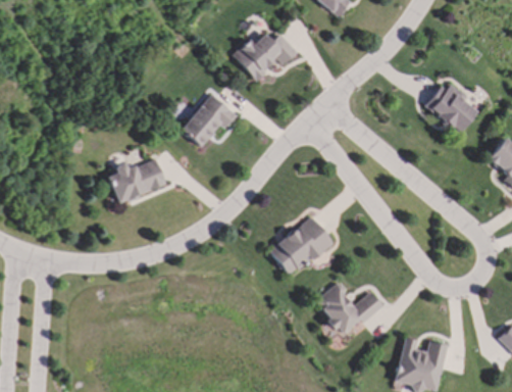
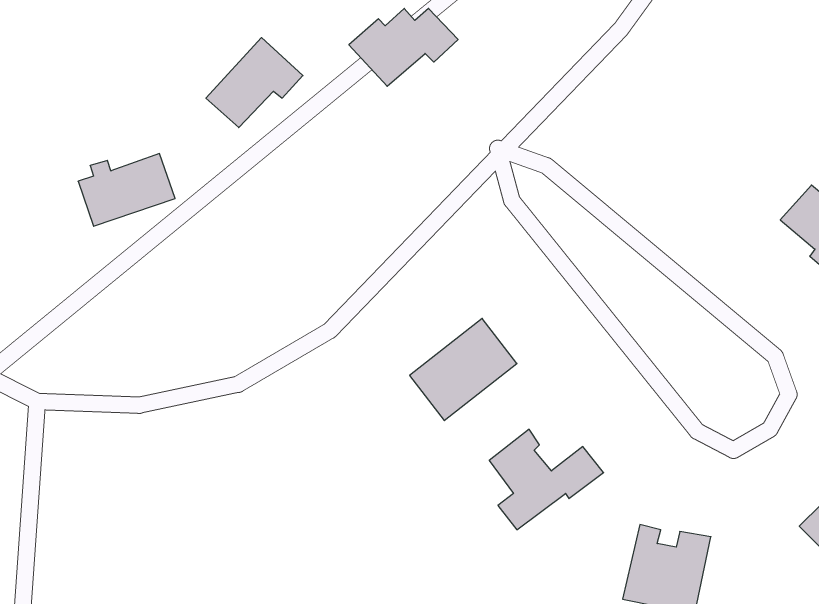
building: [426,81,477,134] -> none
building: [181,93,238,146] -> [206,38,303,128]
building: [109,159,166,202] -> [78,154,175,226]

